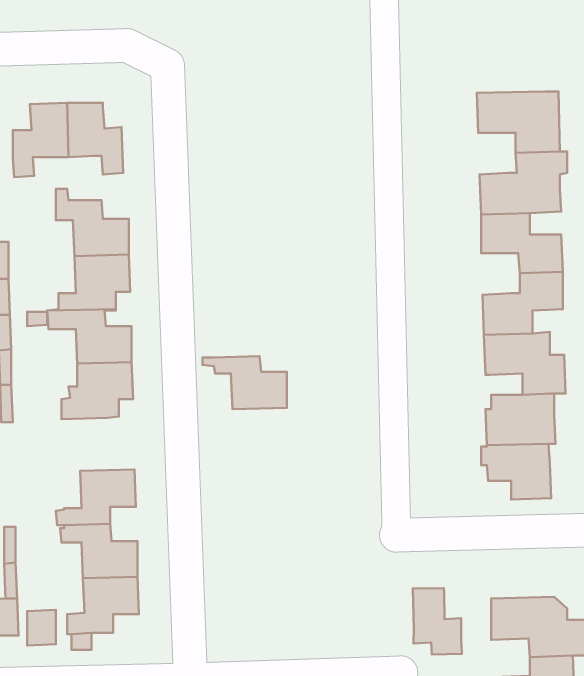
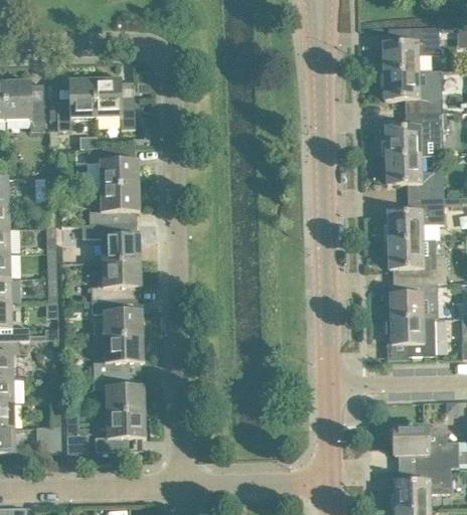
building: none -> [382,25,439,69]
building: [202,356,287,409] -> [83,298,142,335]
building: [413,588,462,655] -> none

